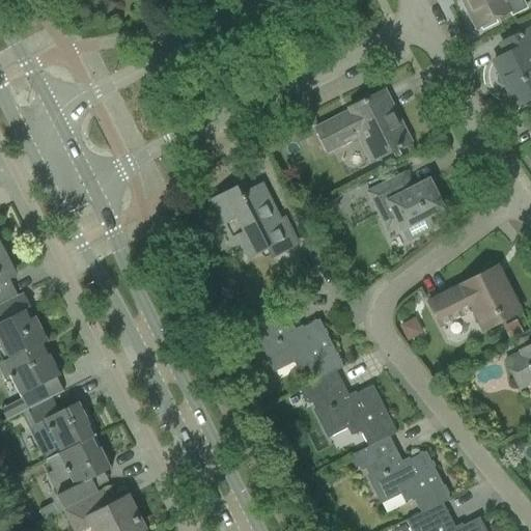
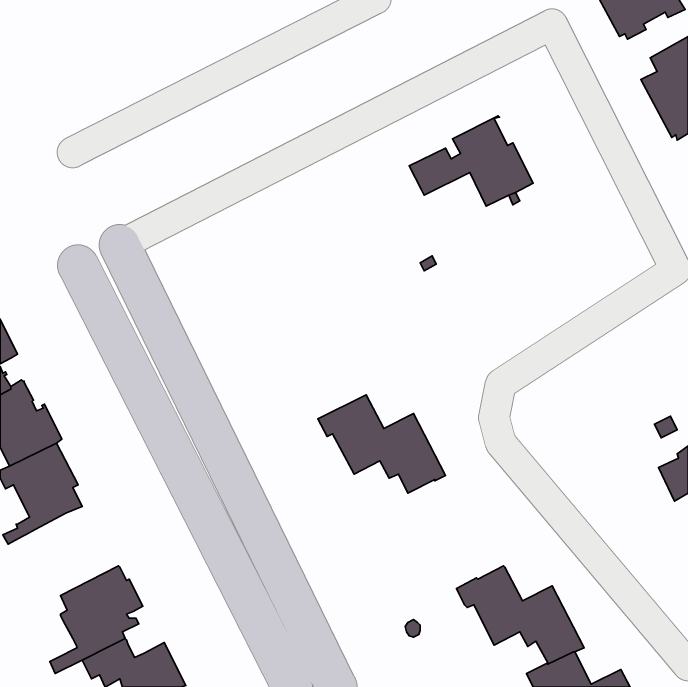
building: [366,174,444,241] -> none
building: [208,185,296,256] -> none
building: [427,264,521,329] -> none
building: [298,369,396,446] -> none
building: [27,395,96,458] -> none

